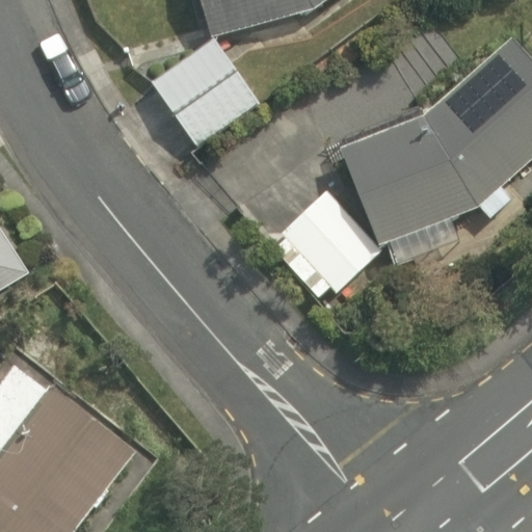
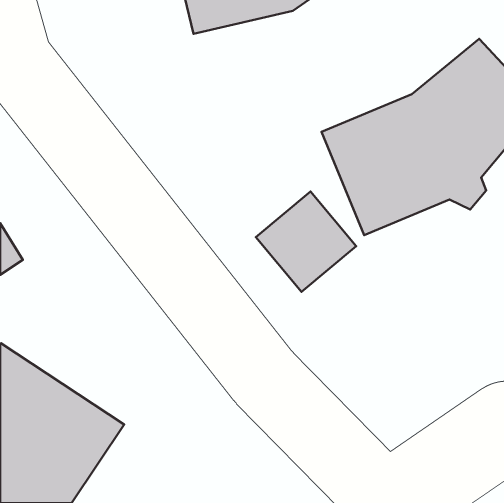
building: [150,43,255,149] -> none

